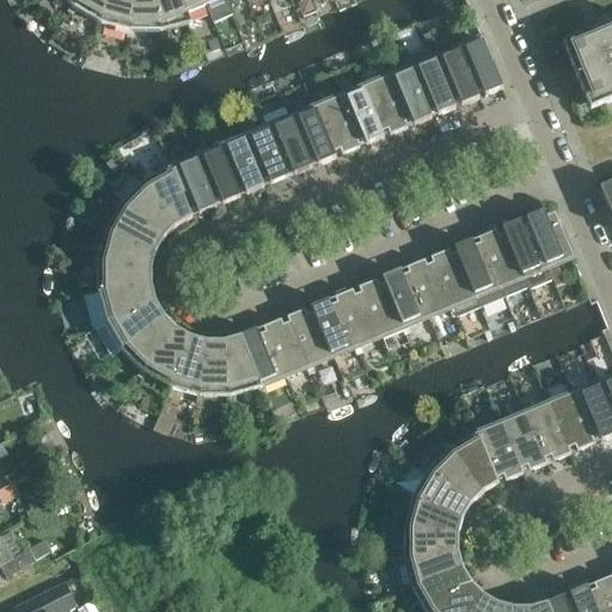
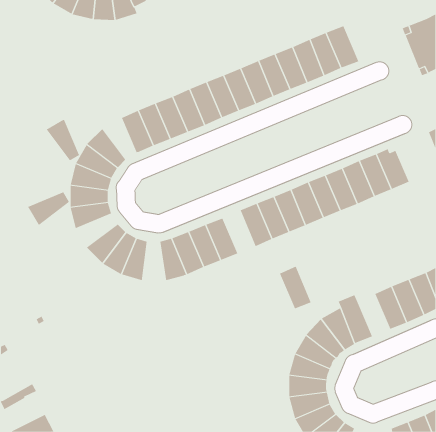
building: [143,165,191,224] -> [46,119,80,161]
building: [312,294,357,355] -> [279,266,312,309]
building: [105,299,165,347] -> [27,192,70,226]
building: [200,338,232,393] -> none
building: [501,411,546,471] -> none

